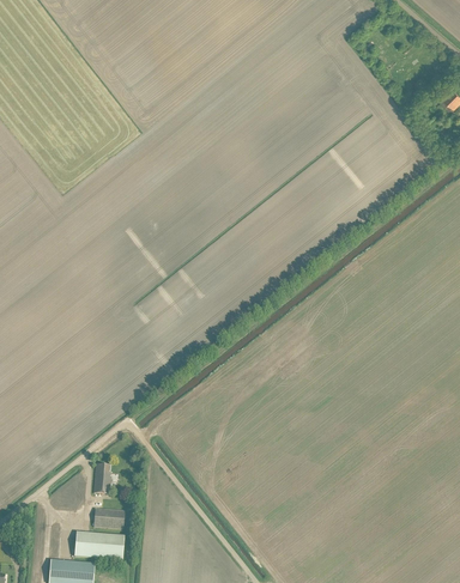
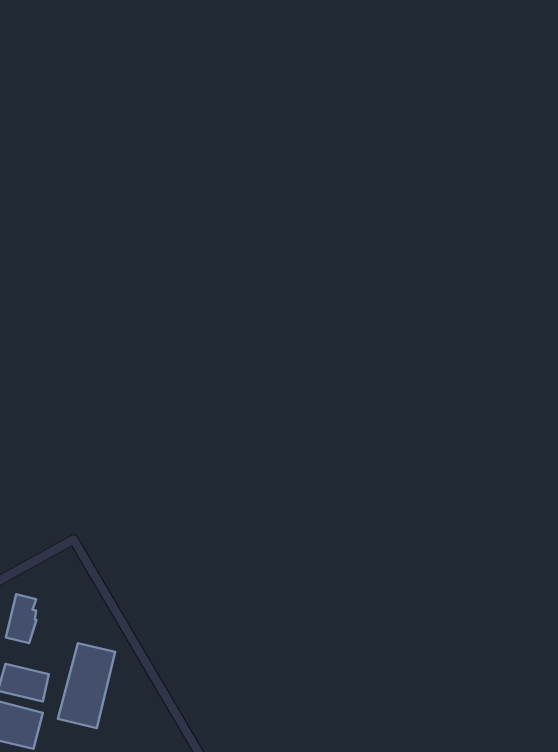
building: none -> [58,643,115,728]

